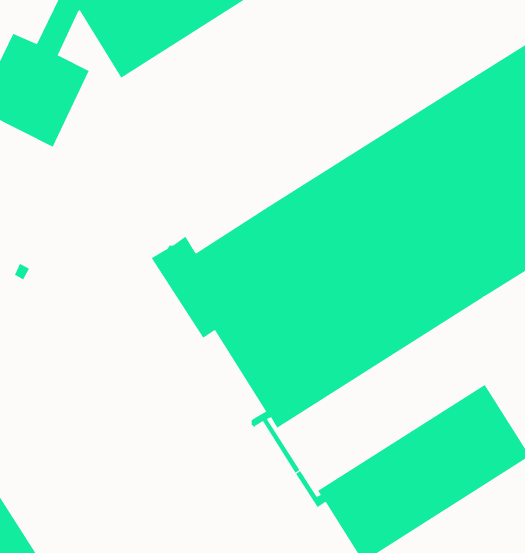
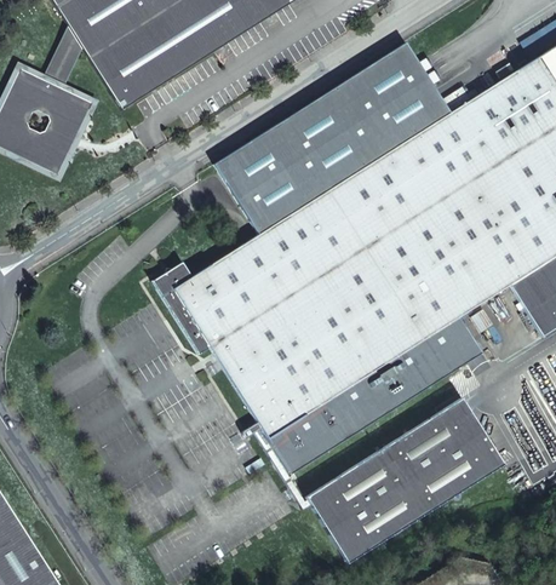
building: none -> [218,45,449,230]
building: none -> [266,315,482,476]

